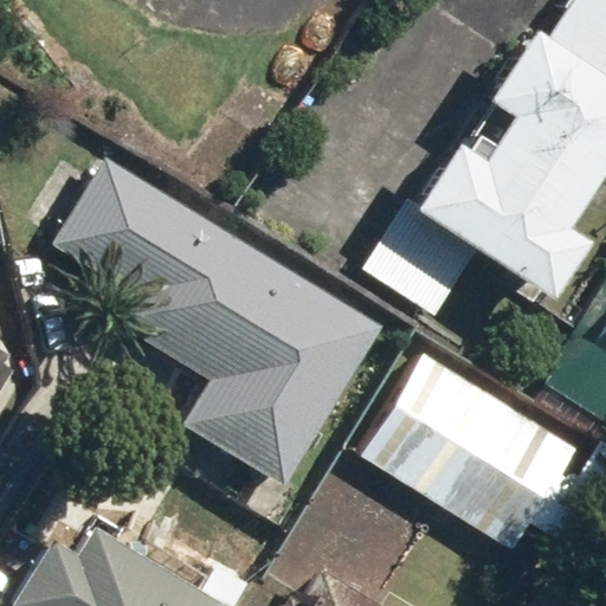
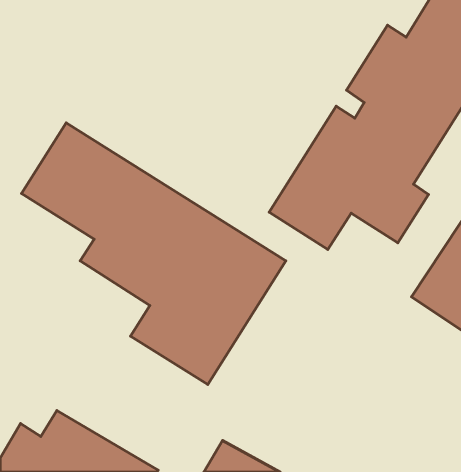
building: [355,346,588,559] -> none

